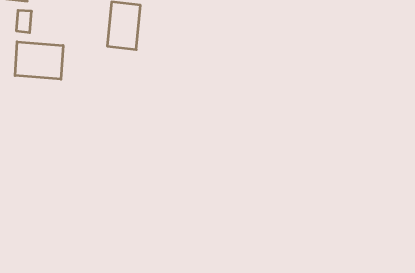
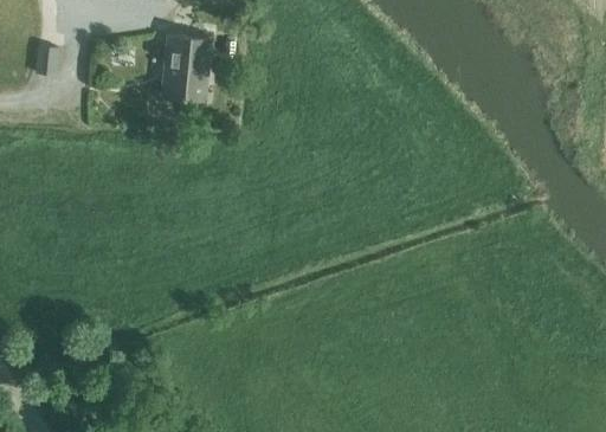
building: [15,42,63,79] -> none

